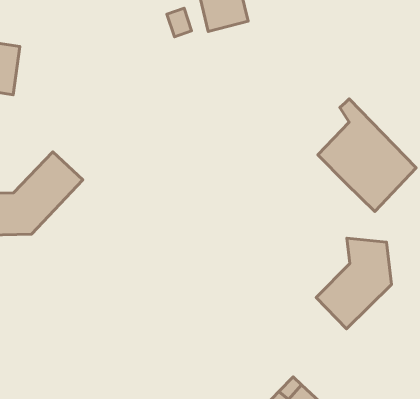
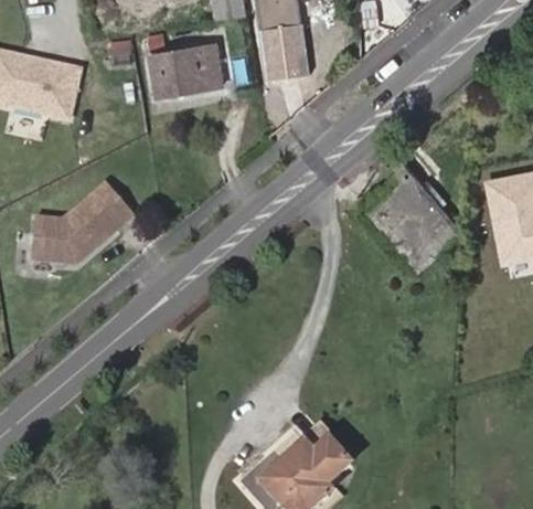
building: none -> [152,45,221,94]
building: [316,238,392,329] -> none

